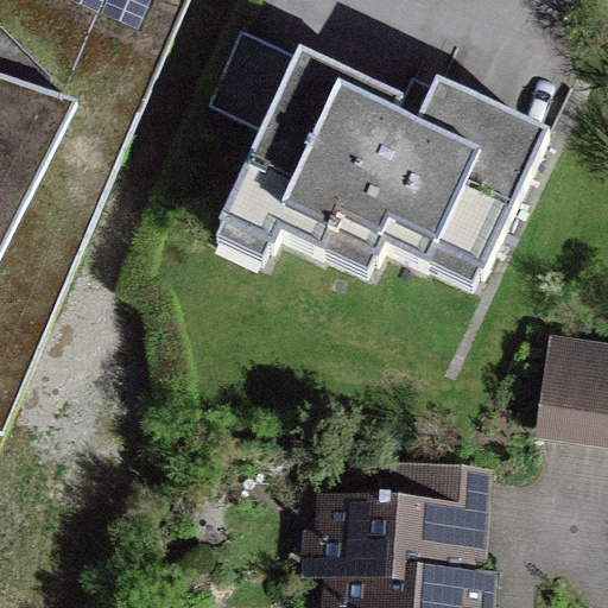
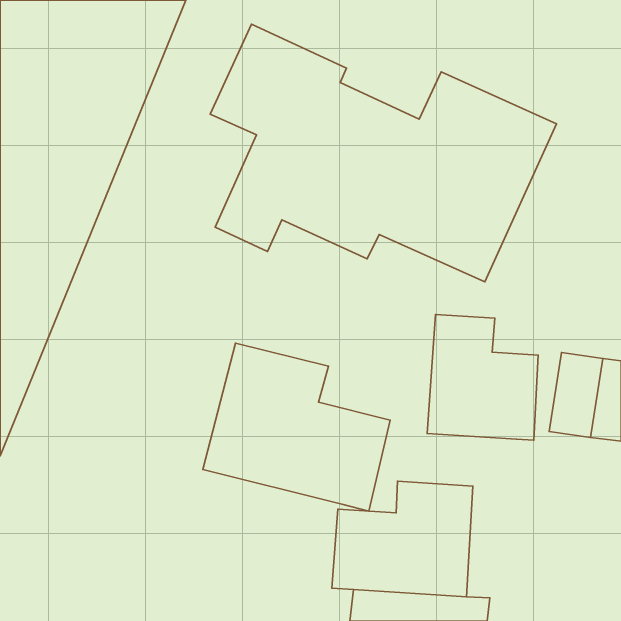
building: none -> [427,315,538,440]
building: none -> [203,343,390,511]

